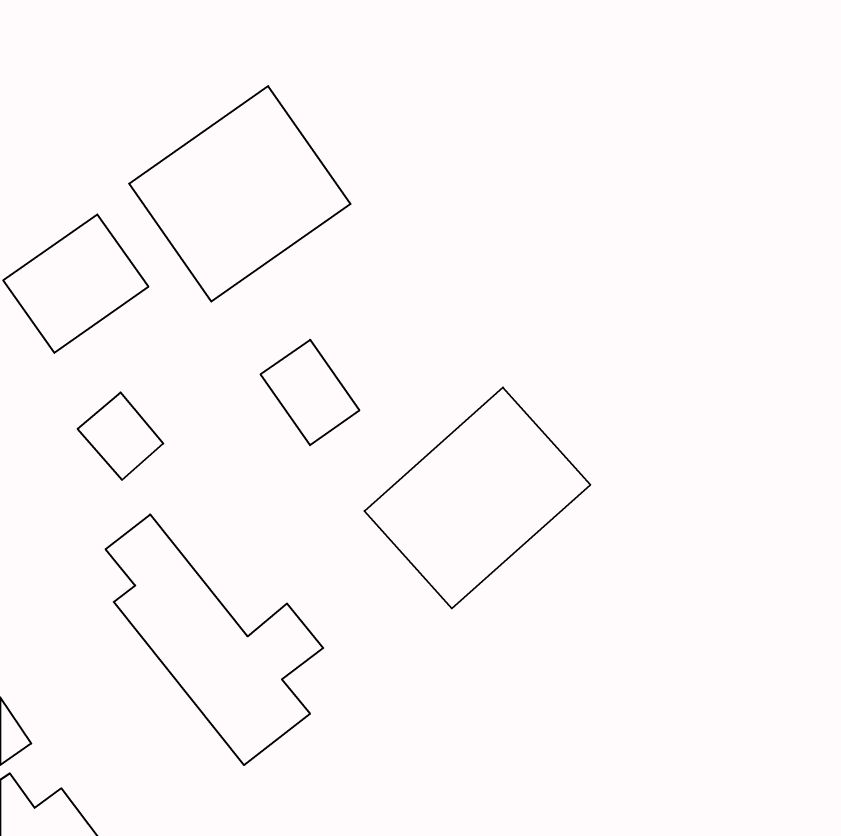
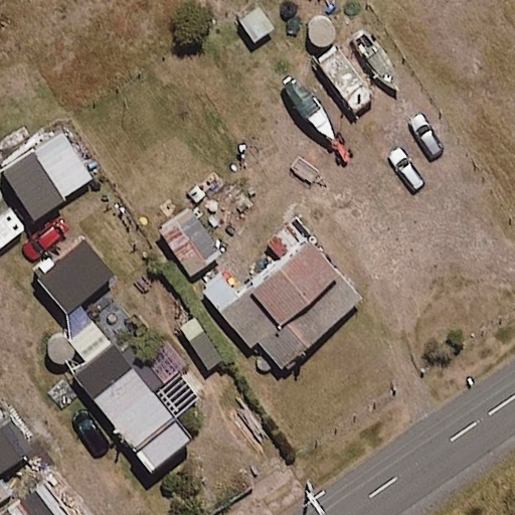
building: [129,86,351,302] -> none

